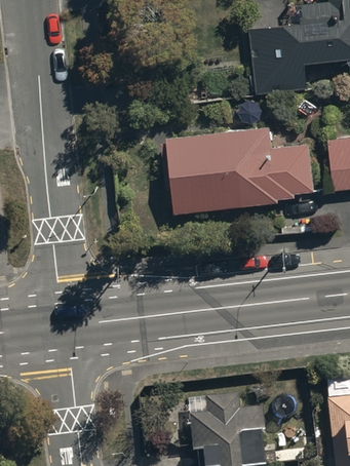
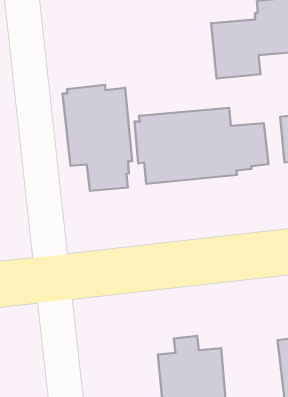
building: none -> [63,85,132,191]

